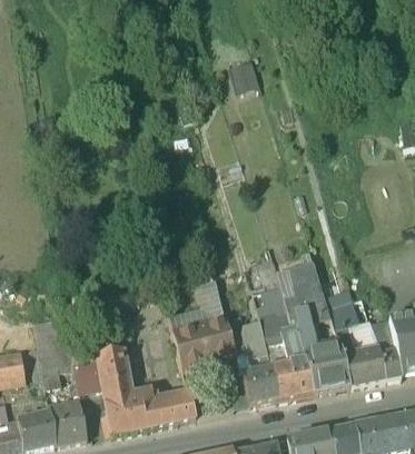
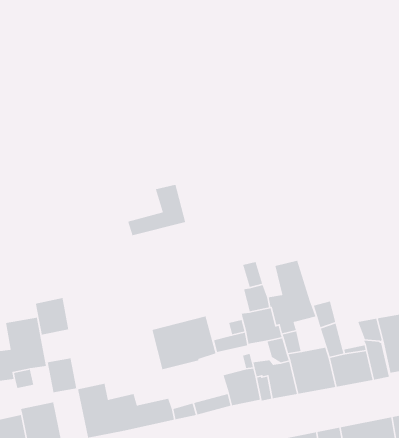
building: [230,60,259,90] -> none
building: [168,278,225,329] -> [127,183,186,236]
building: [96,349,128,386] -> [35,297,69,336]

